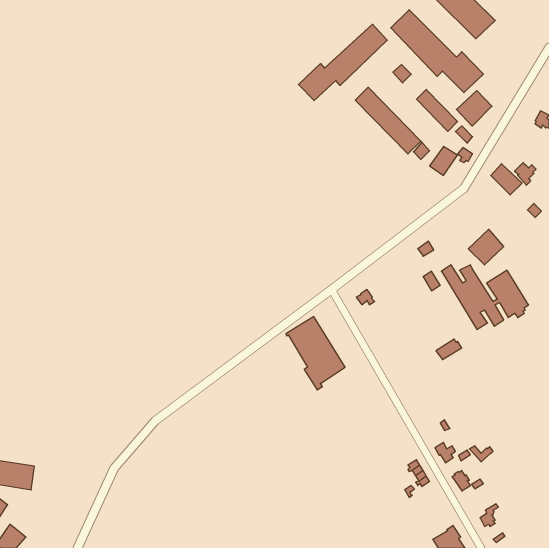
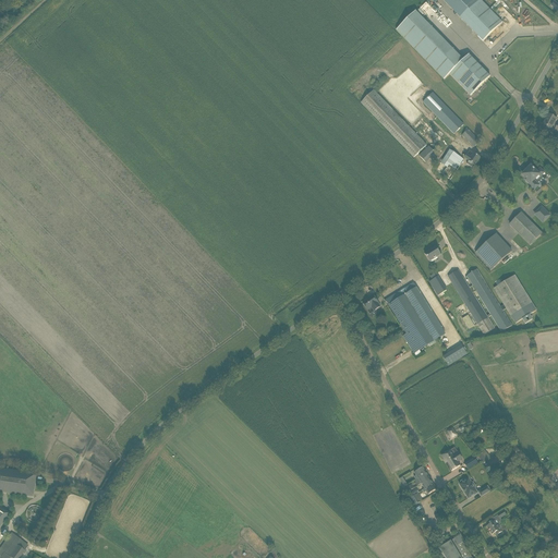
building: [298,24,387,101] -> none
building: [456,91,492,126] -> none
building: [491,164,522,195] -> [509,211,541,243]
building: [286,317,345,390] -> [384,281,444,355]

